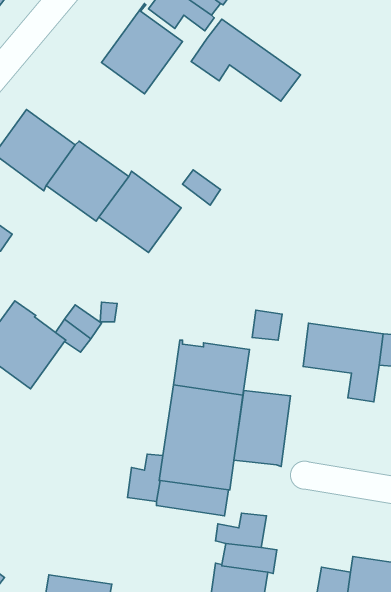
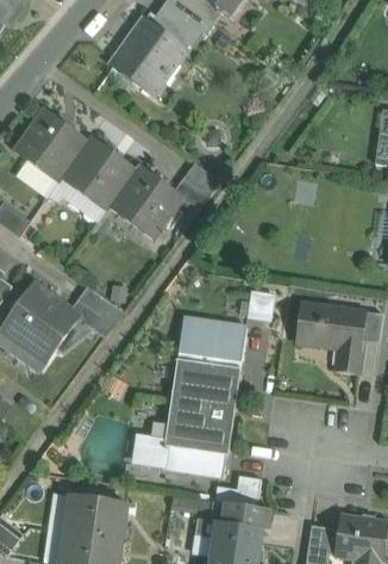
building: [191,19,301,101] -> none
building: [234,390,290,467] -> none
building: none -> [63,494,126,540]

